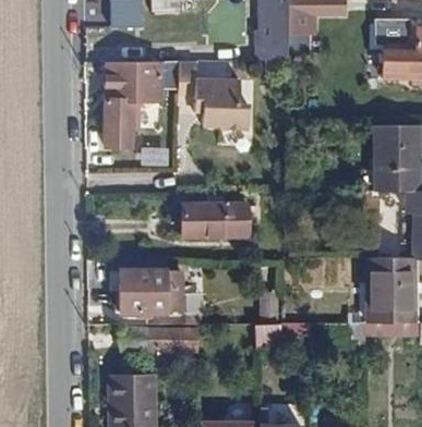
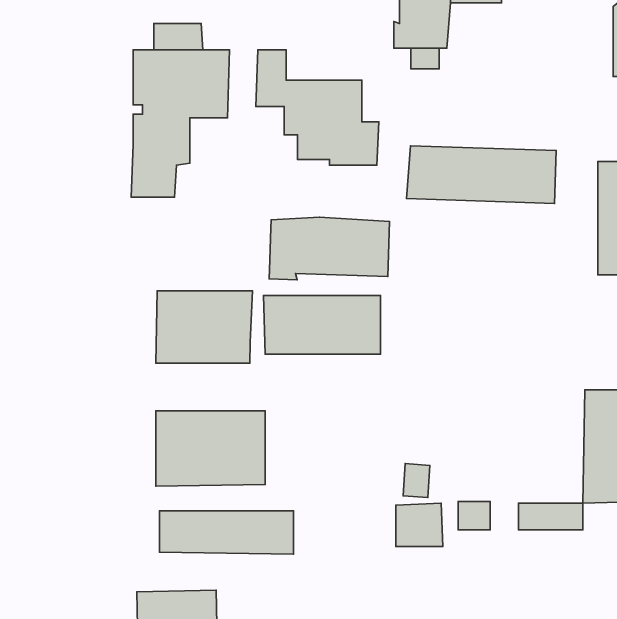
building: none -> [406,146,556,203]
building: none -> [269,217,390,280]
building: none -> [156,291,253,363]

